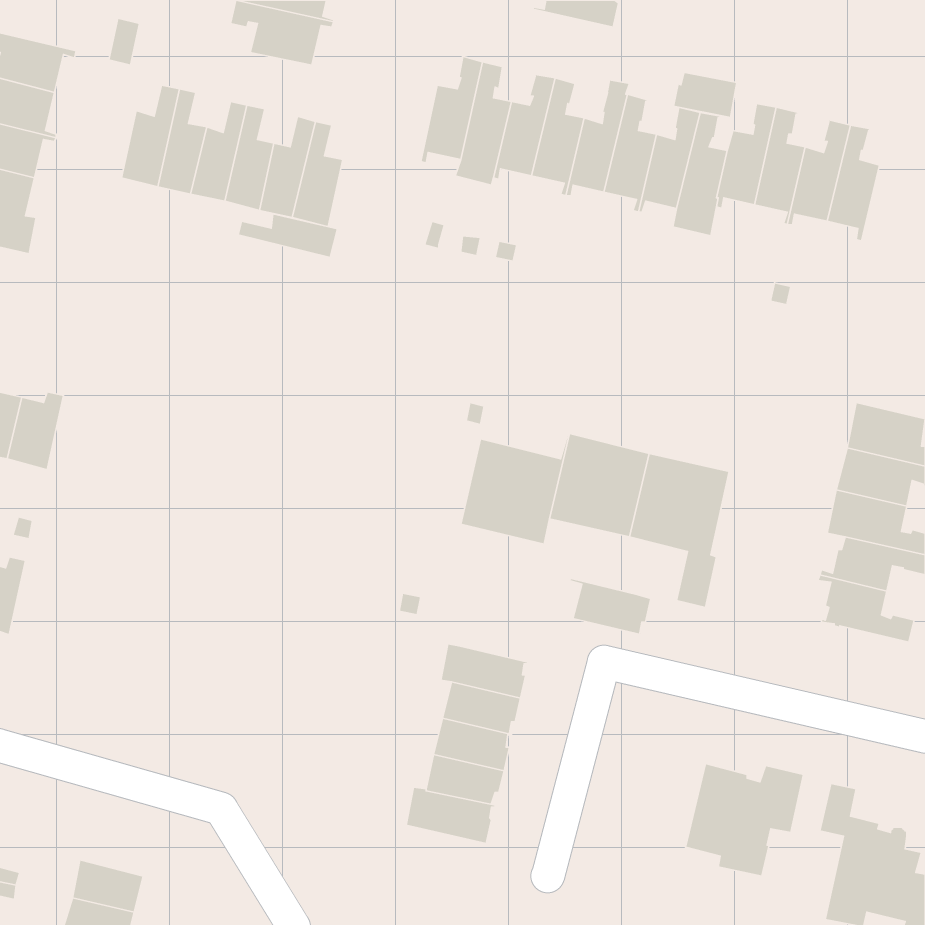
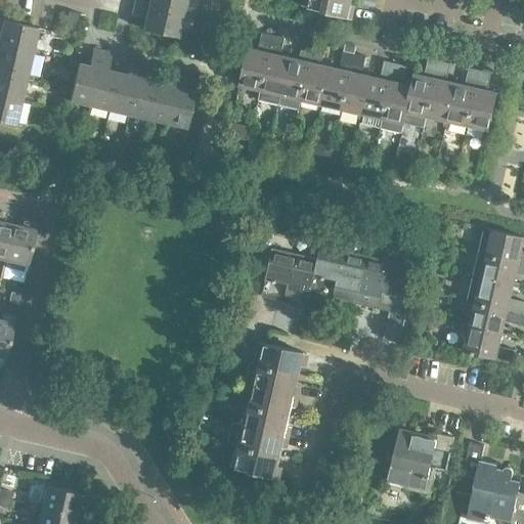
building: [674,72,737,117] -> none
building: [238,214,338,257] -> none
building: [569,579,651,635] -> [257,343,303,375]

